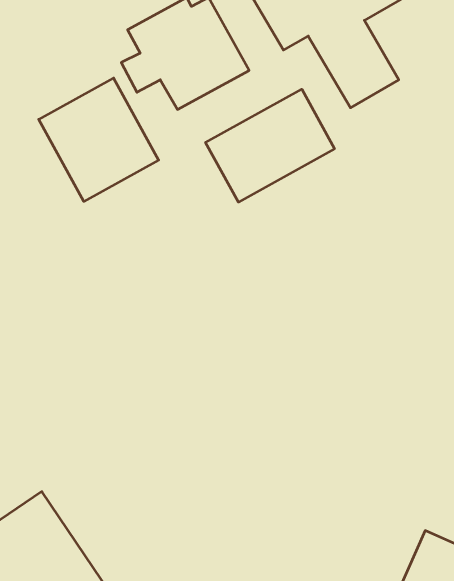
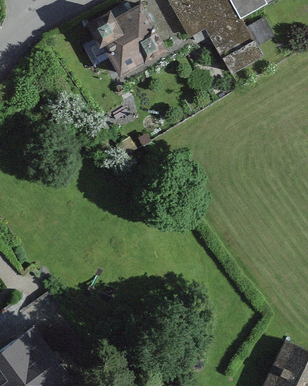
building: [39,78,159,201] -> none
building: [206,89,334,202] -> none

